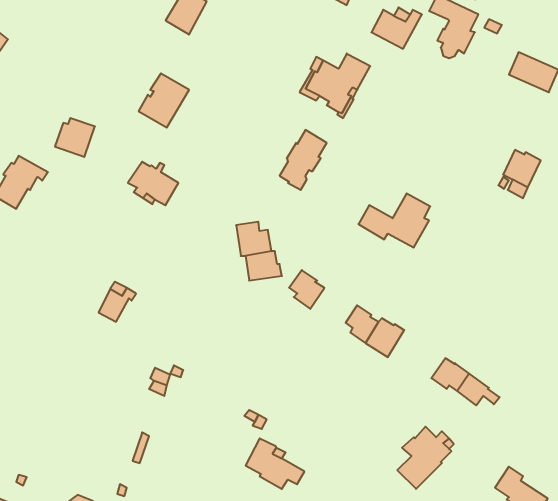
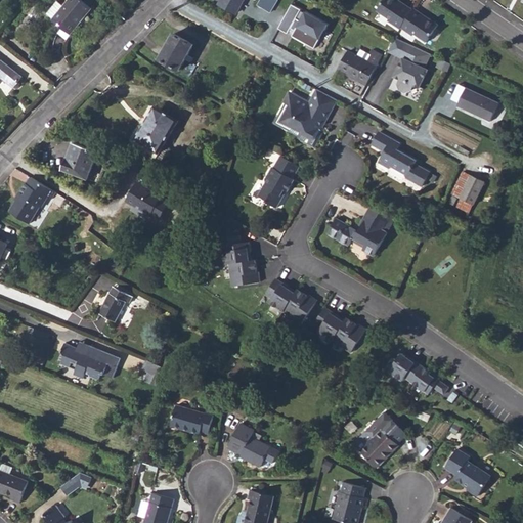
building: none -> [369,131,429,186]
building: none -> [284,289,317,322]
building: none -> [60,342,120,380]
building: none -> [169,404,214,434]

